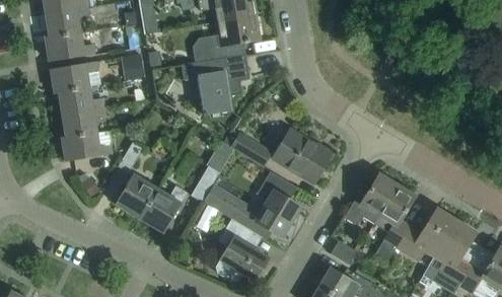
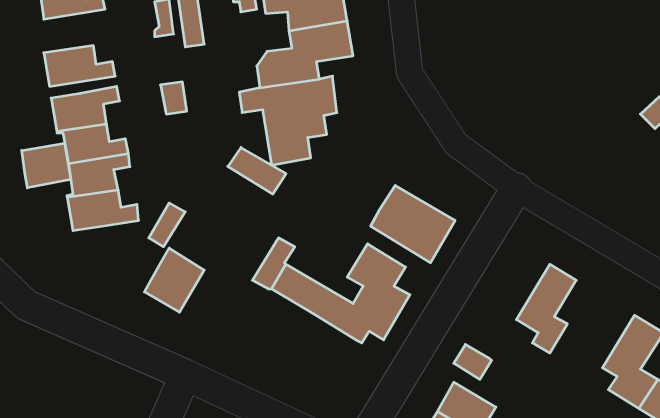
building: [46,7,89,38] -> none
building: none -> [22,143,71,188]
building: [231,134,272,166] -> [228,147,286,194]
building: [344,173,398,226] -> none
building: [140,185,188,232] -> none
building: [398,209,456,259] -> none
building: [217,218,269,281] -> none

